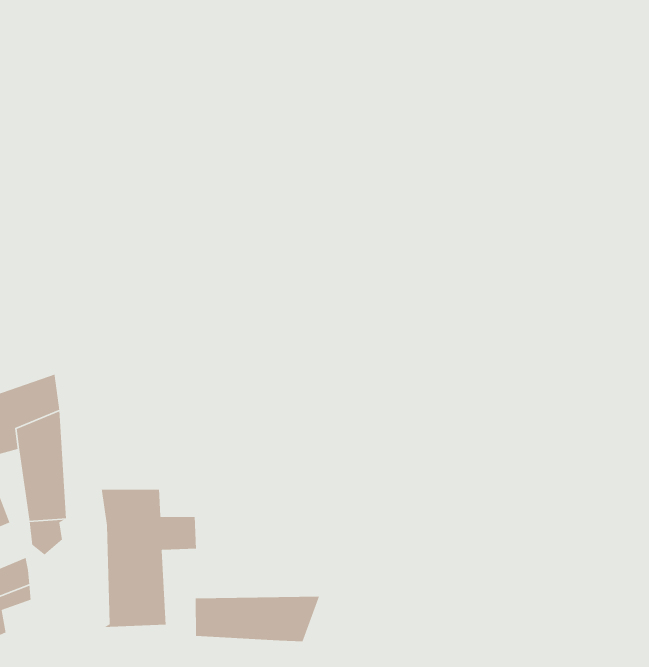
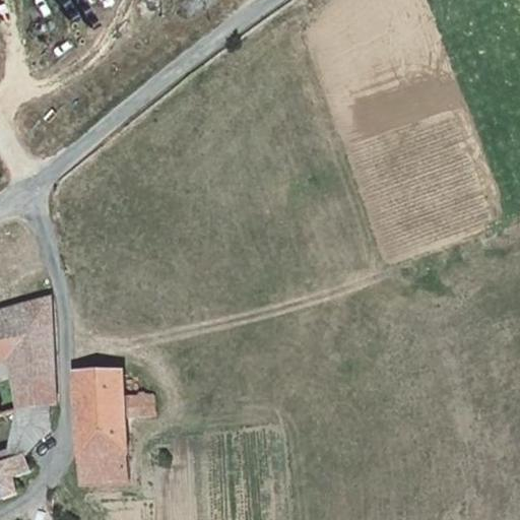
building: [195,596,320,642] -> none

